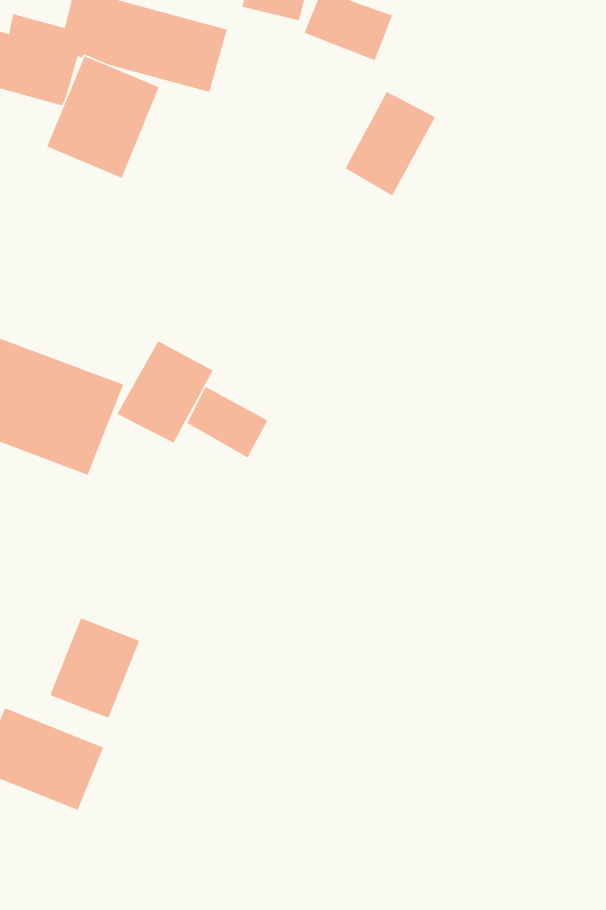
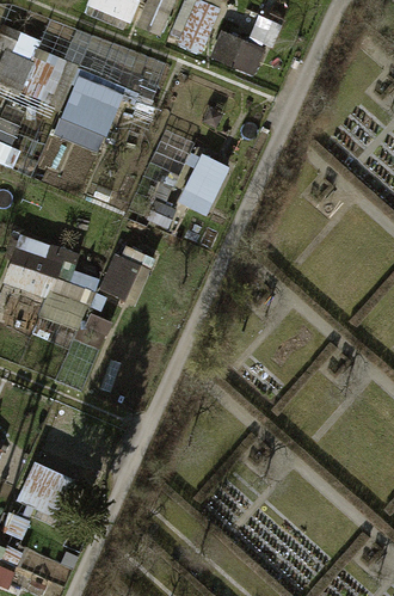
building: [345,91,436,197] -> [176,153,230,216]
building: [186,386,268,458] -> none
building: [49,617,140,719] -> none

